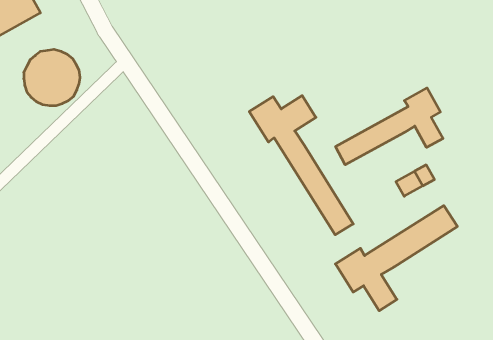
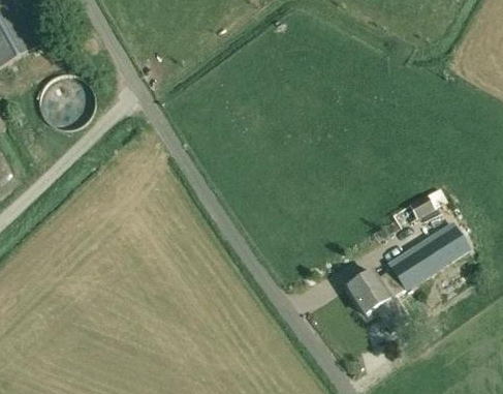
building: [336,88,443,165] -> none
building: [249,96,353,235] -> none

